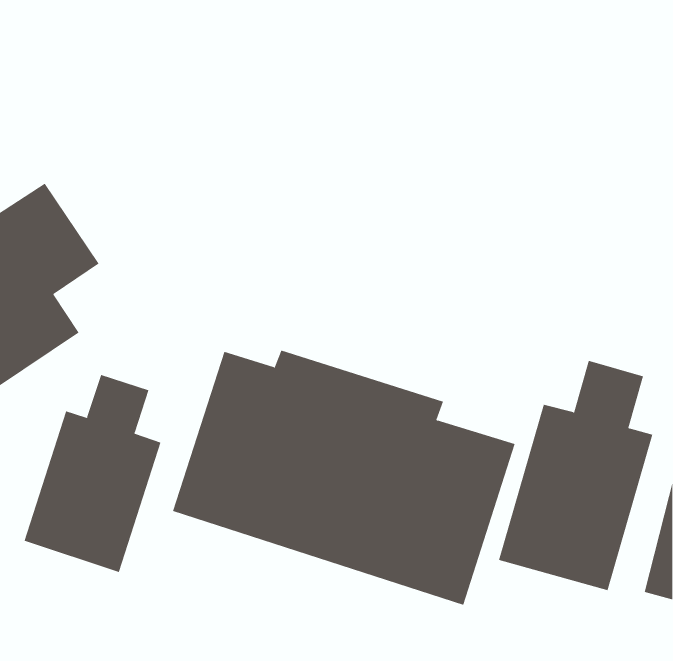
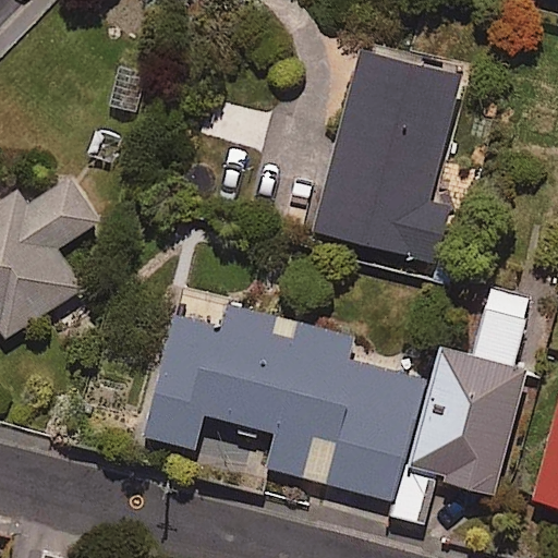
building: none -> [311,43,463,266]
building: [24,374,161,573] -> none

